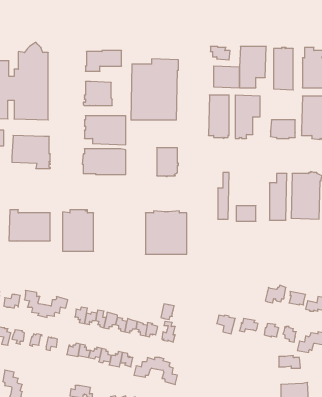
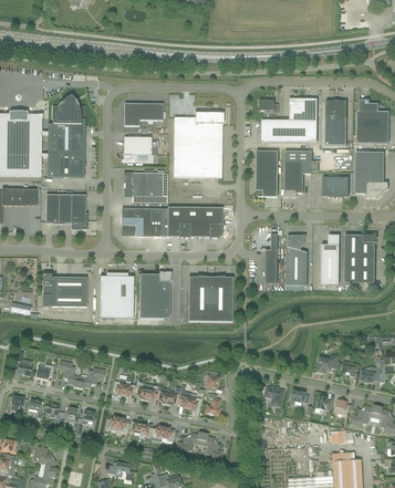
building: none -> [167,207,200,237]
building: none -> [285,236,308,269]
building: none -> [139,271,171,318]

